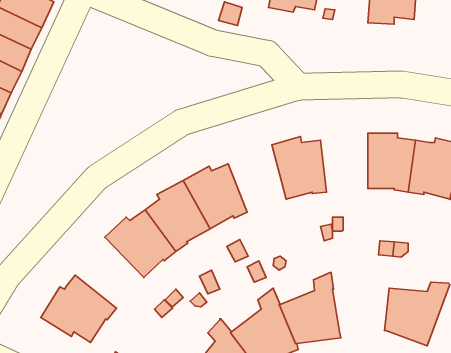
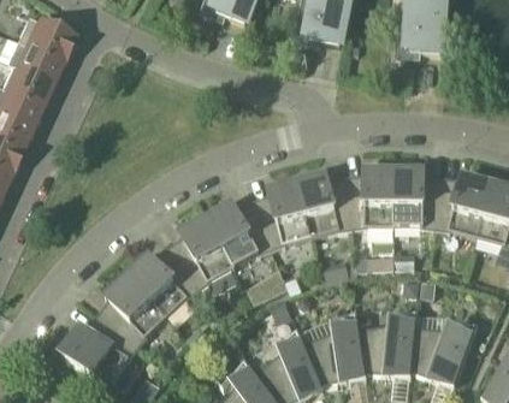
building: none -> [347,168,395,230]
building: none -> [253,182,312,250]
building: none -> [97,275,167,348]
building: none -> [359,309,419,377]

